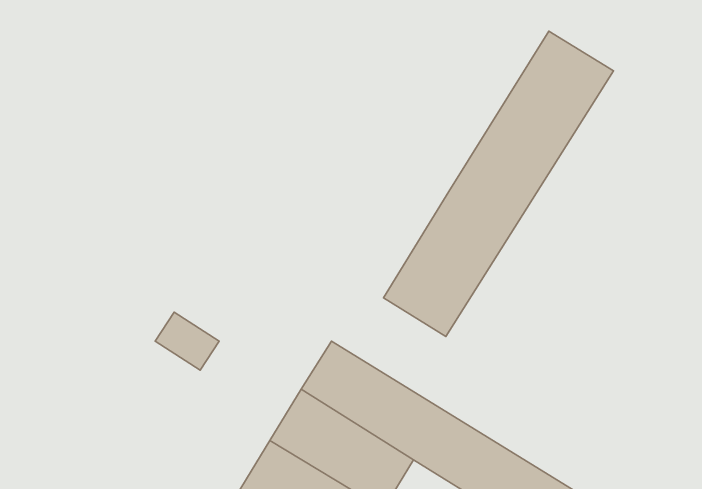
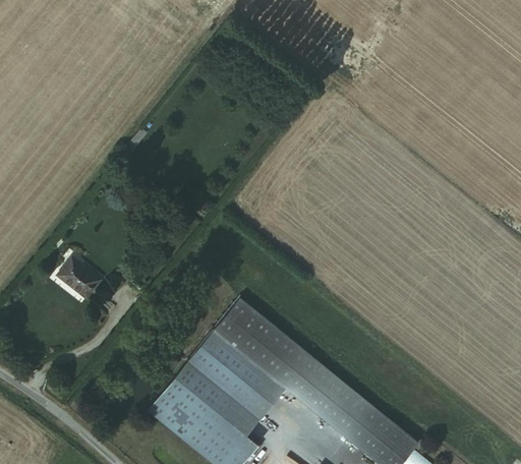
building: [384,31,613,336] -> none
building: [155,312,219,370] -> [60,251,104,293]

